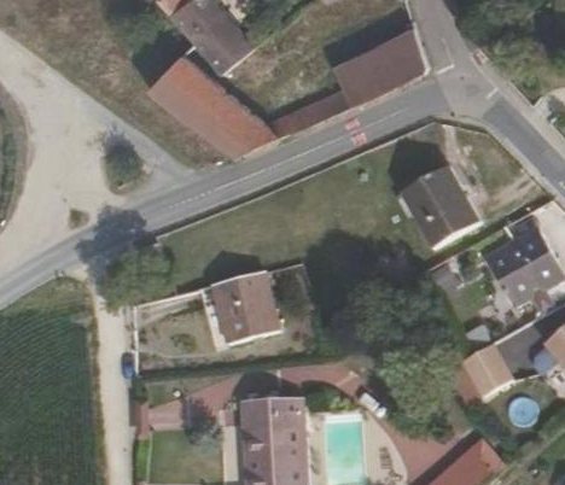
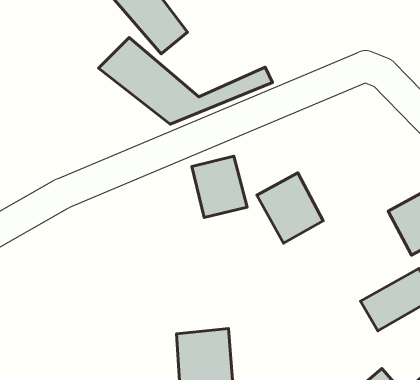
building: [332,24,426,106] -> none
building: [404,166,483,250] -> [257,173,323,243]
building: [212,269,278,341] -> [192,156,247,217]

